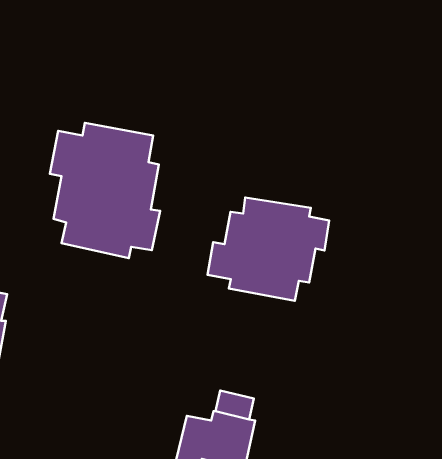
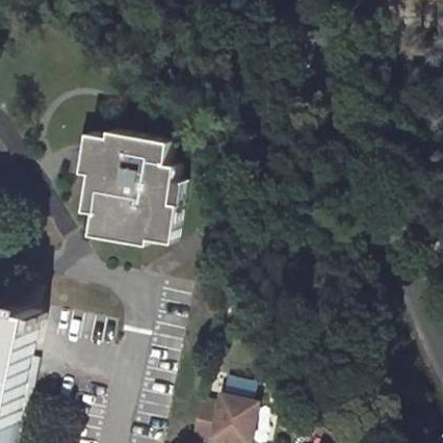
building: [207,197,329,301] -> none

